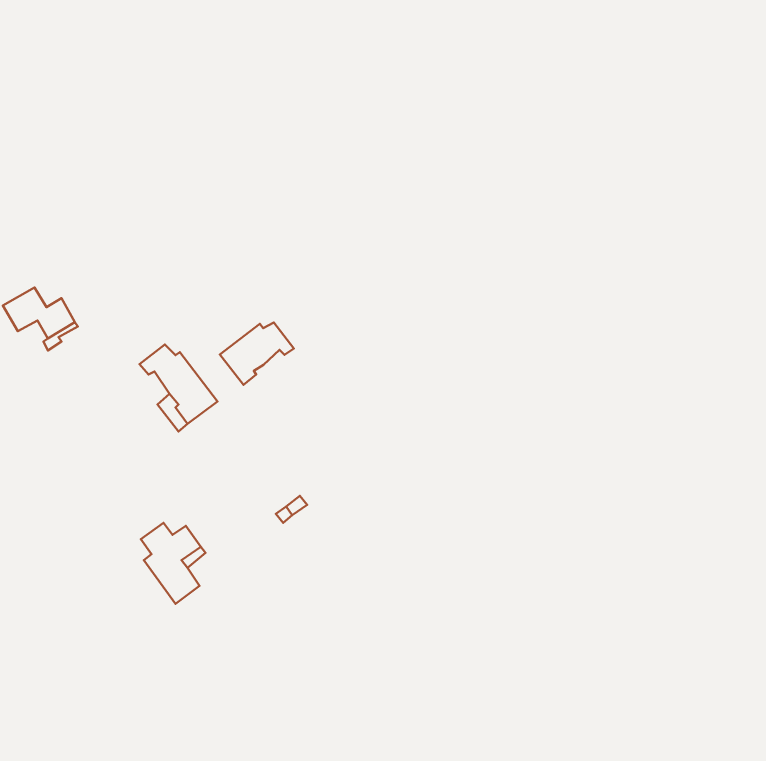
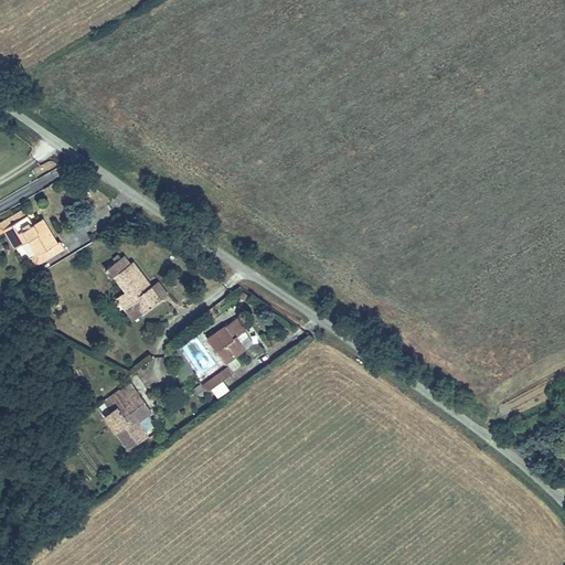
building: [220,322,294,385] -> none
building: none -> [210,328,249,365]

